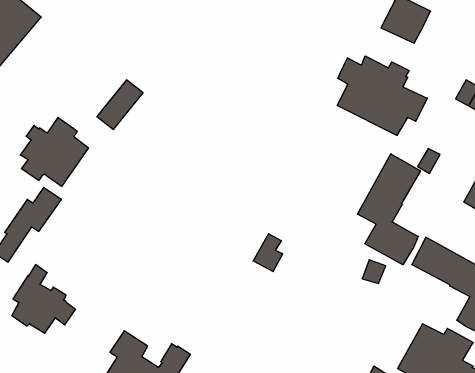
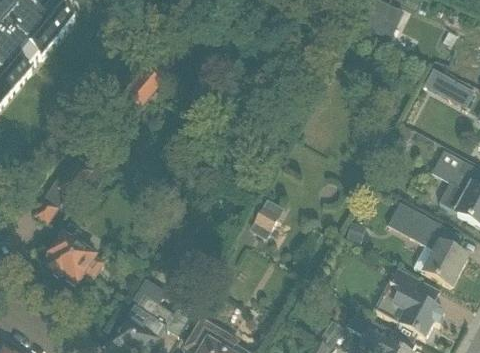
building: [337,56,427,135] -> none
building: [20,117,89,186] -> none
building: [357,154,420,265] -> none

